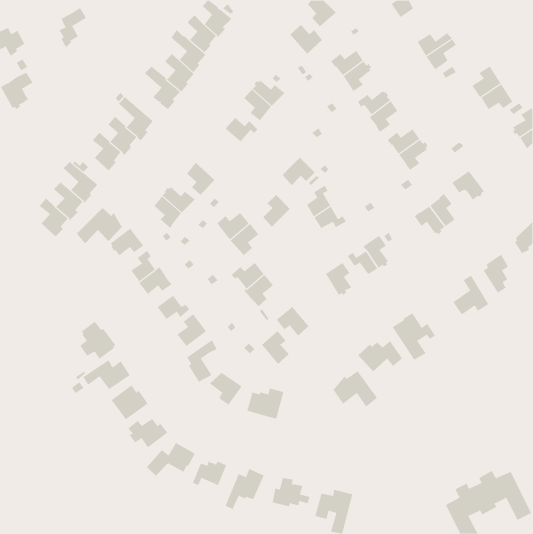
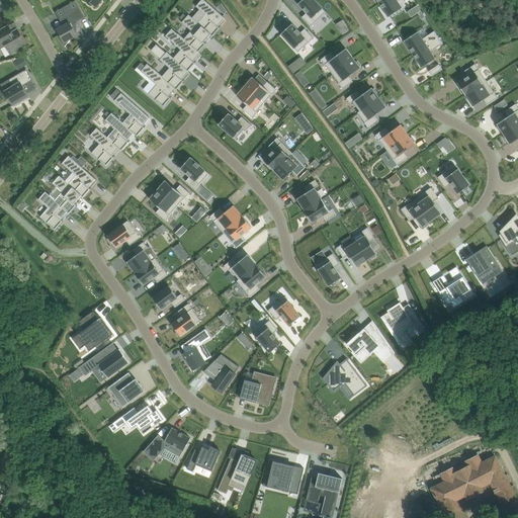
building: [262,194,291,228] -> [263,138,290,170]
building: [75,206,122,244] -> none

